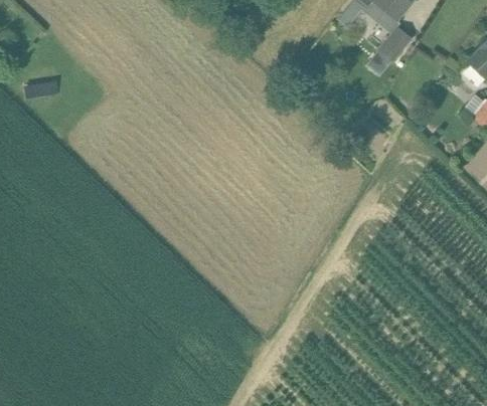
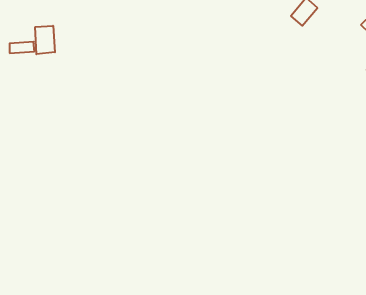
building: none -> [35,26,55,54]

